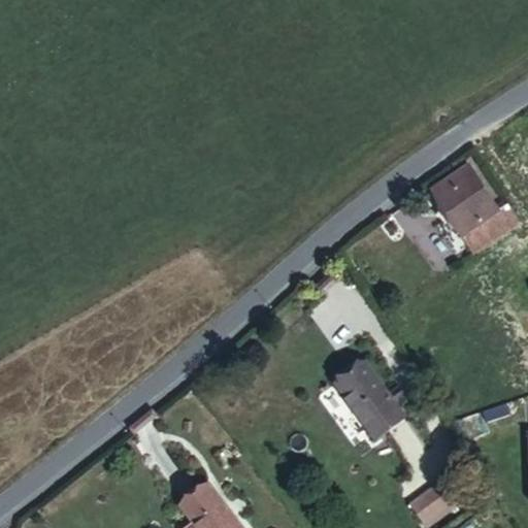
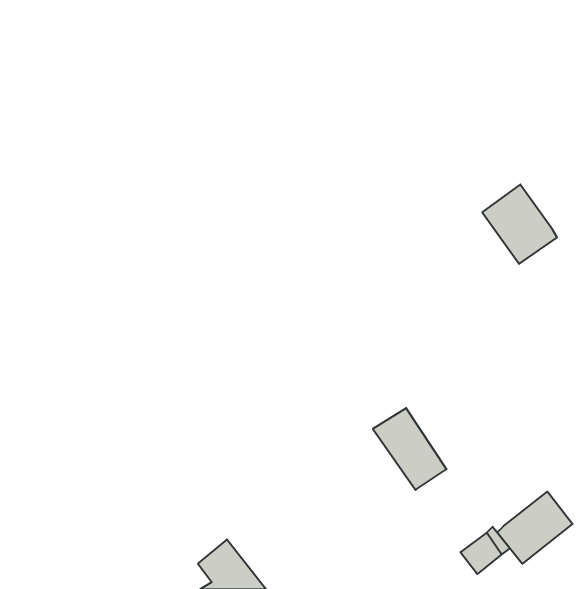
building: [465,201,516,249] -> none
building: none -> [497,492,573,564]

